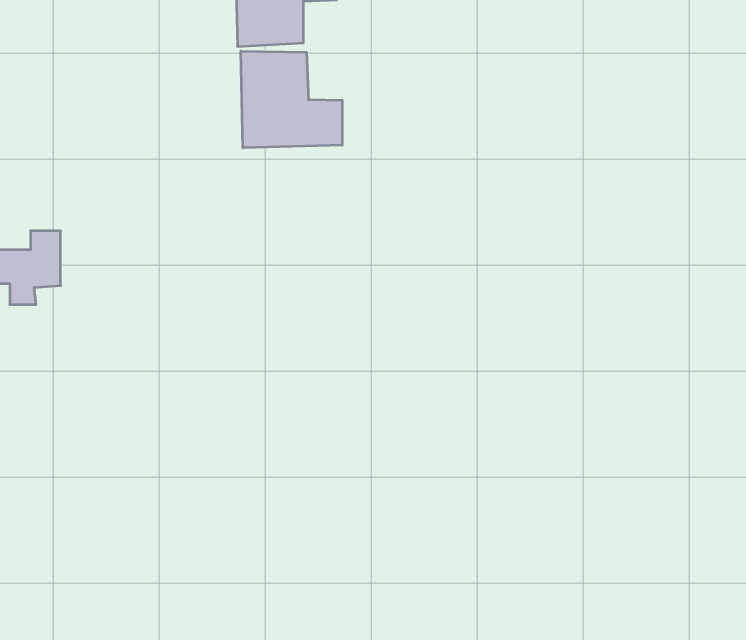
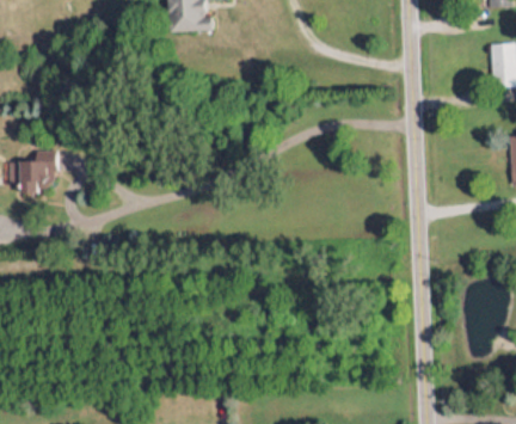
building: [241,51,342,148] -> none

